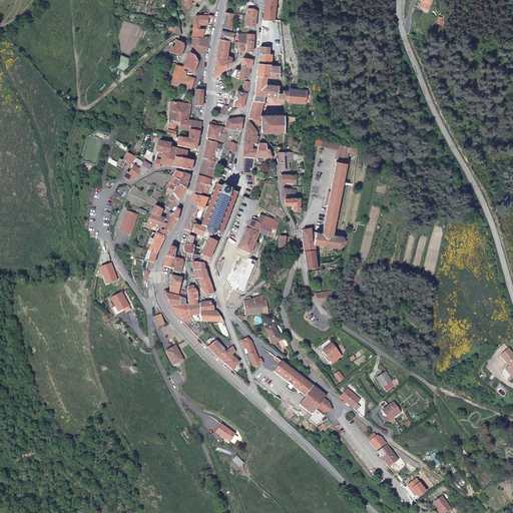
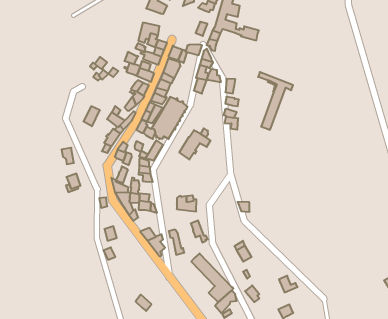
building: [262,114,285,132] -> none
building: [302,201,346,270] -> none

